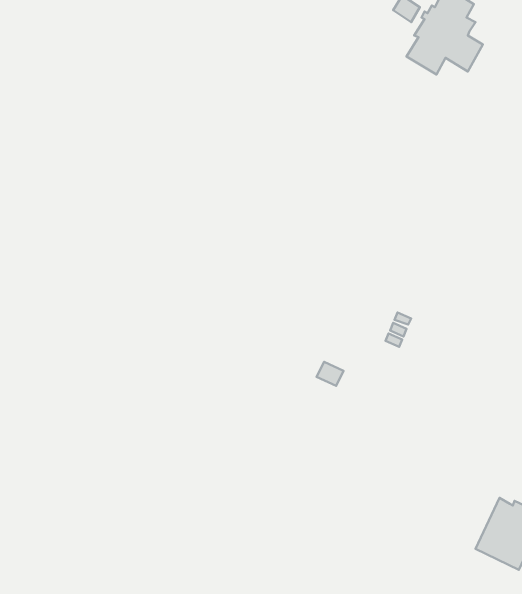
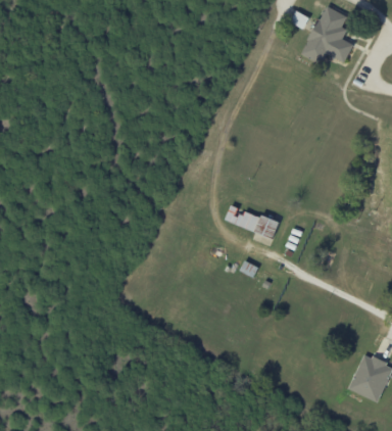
building: none -> [226,204,280,239]

